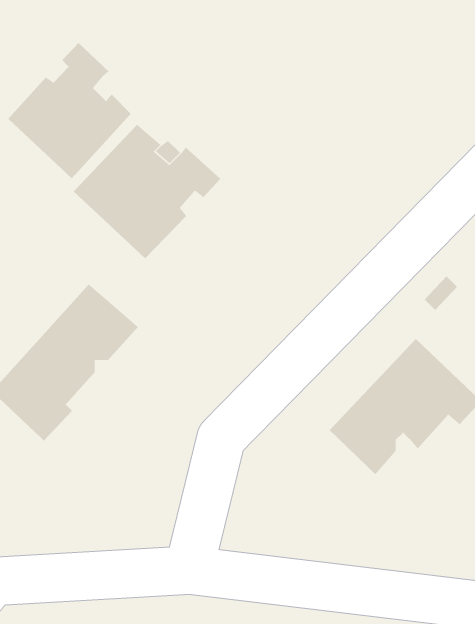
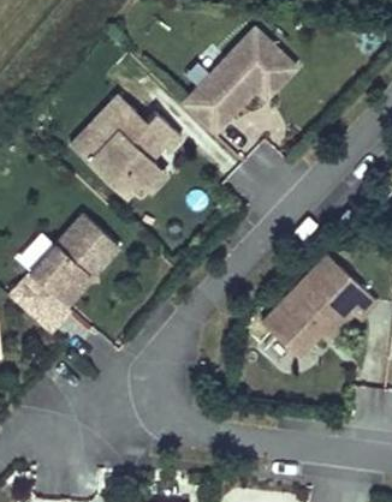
building: none -> [182,28,295,135]
building: [8,42,132,179] -> none

